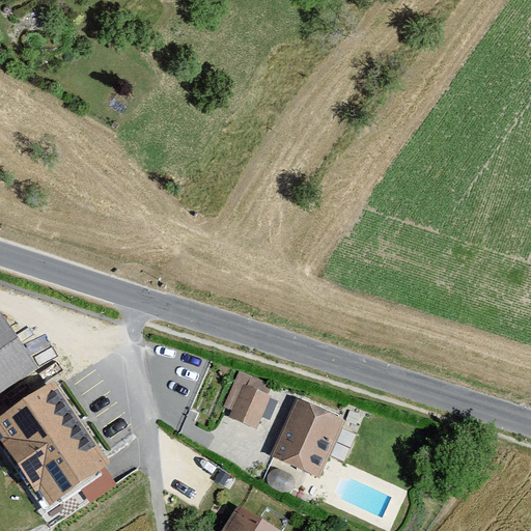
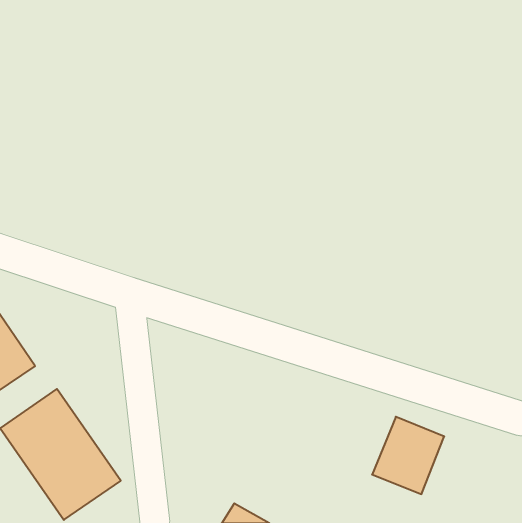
building: [219,372,271,427] -> none
building: [268,398,340,476] -> [372,417,444,494]

